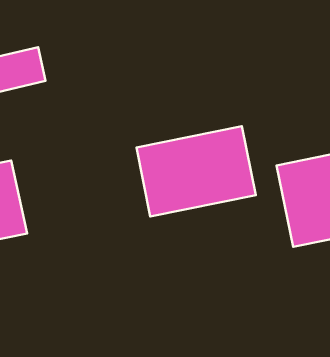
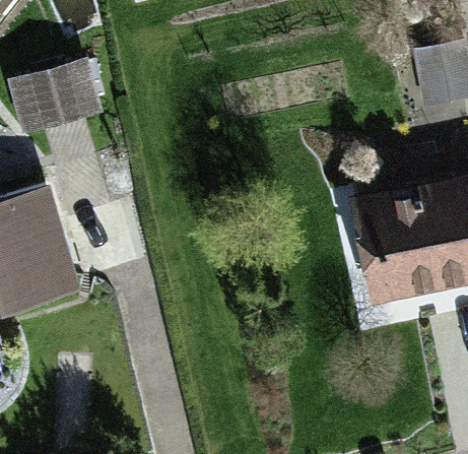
building: [136,126,256,216] -> none

